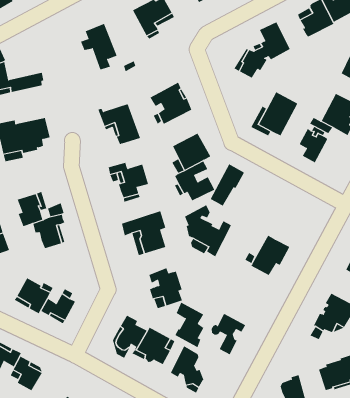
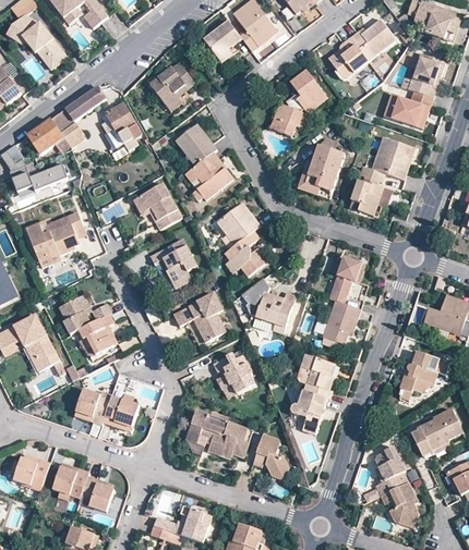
building: none -> [26,86,106,155]
building: none -> [173,123,216,166]
building: [210,164,245,207] -> [327,256,360,303]
building: [174,302,204,348] -> [299,354,332,401]

